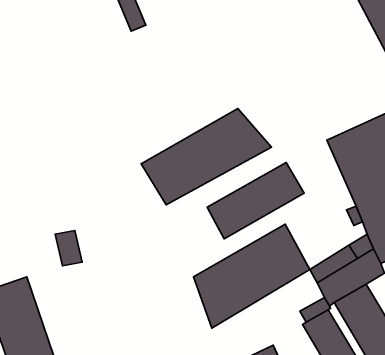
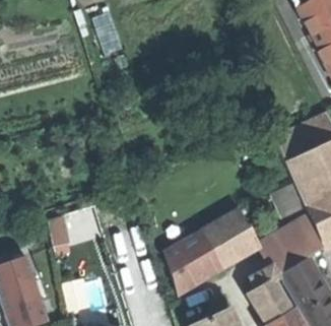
building: [141,108,272,205] -> none
building: [207,163,304,239] -> none

